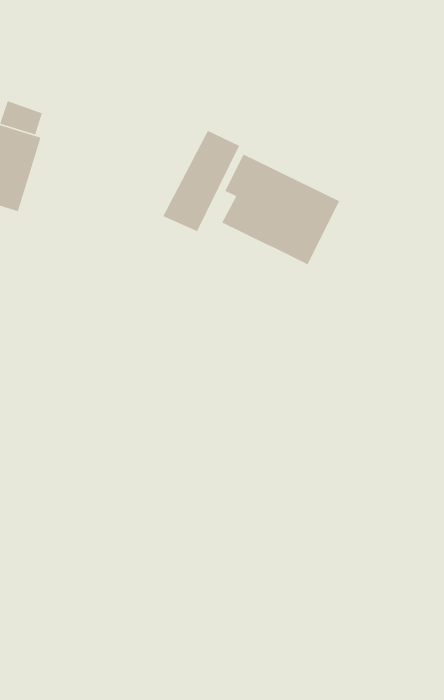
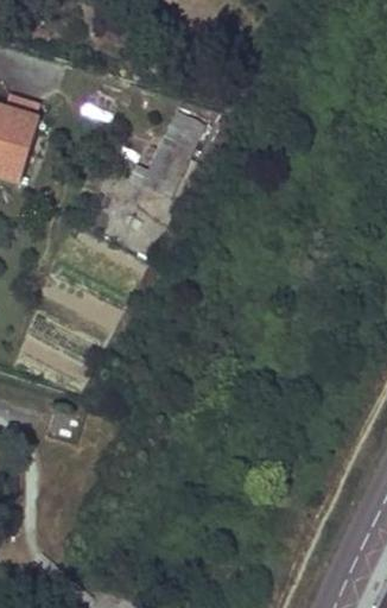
building: [221,154,340,266] -> none

